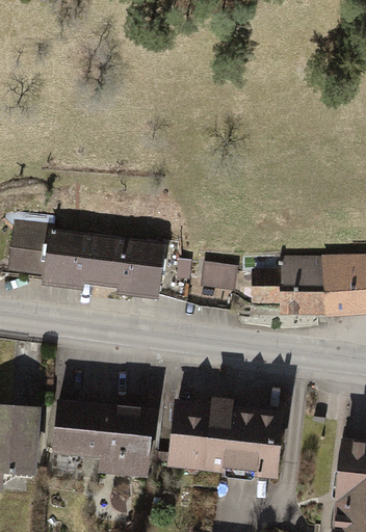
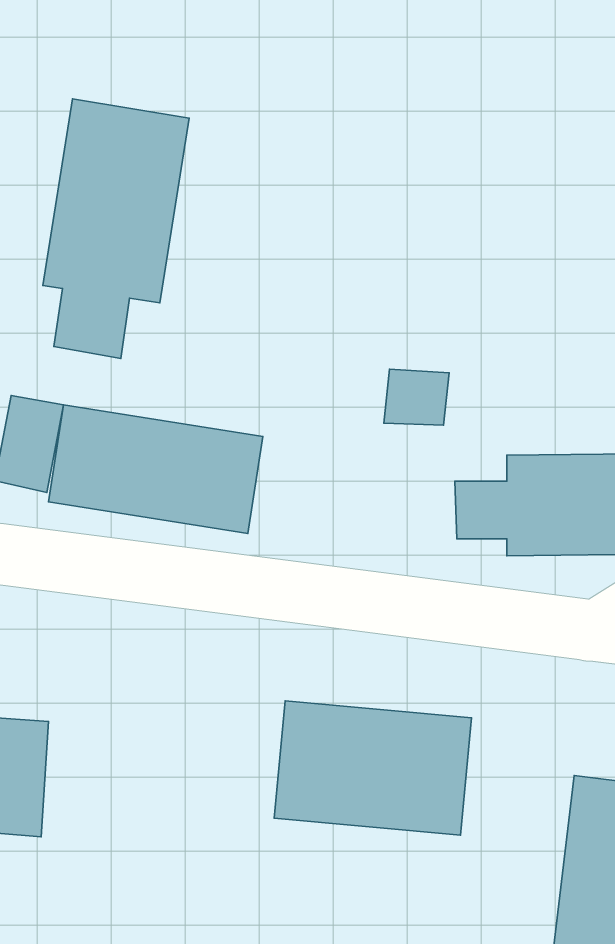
building: none -> [43,99,189,358]
building: [204,261,240,292] -> [384,369,449,425]
building: [54,392,156,472] -> none

